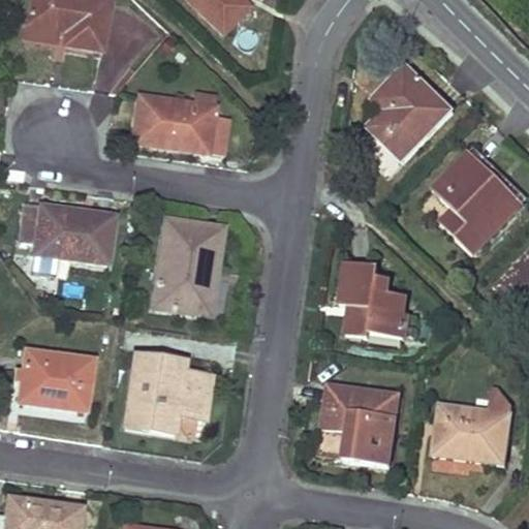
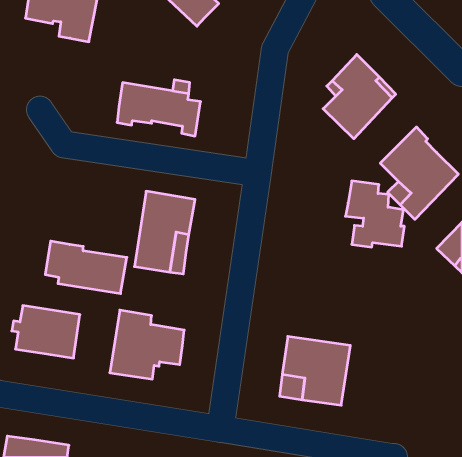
building: [21,200,114,260] -> [45,241,127,294]
building: [340,261,407,337] -> [345,181,404,247]
building: [431,386,510,463] -> none

